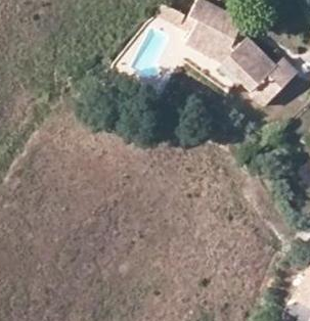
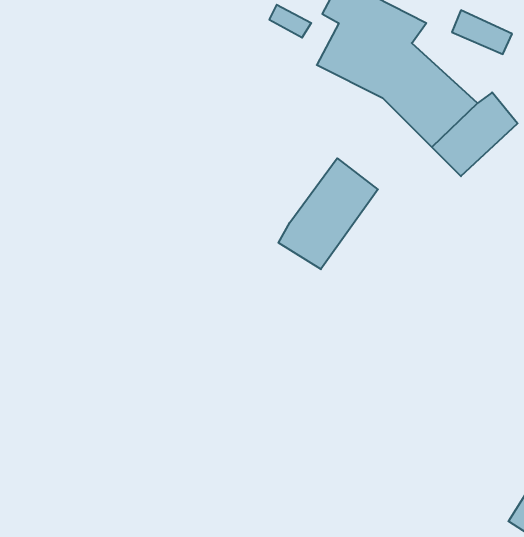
building: none -> [278,158,378,269]

